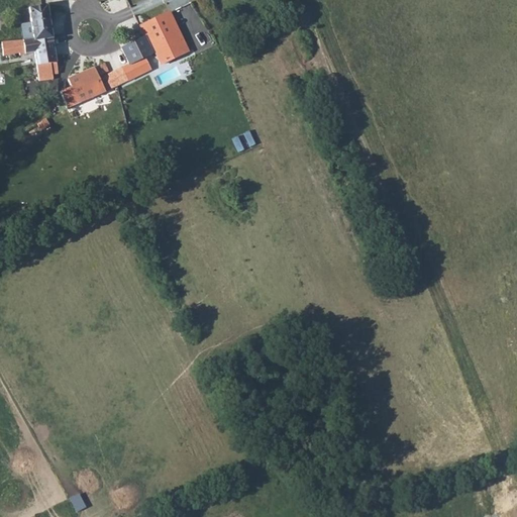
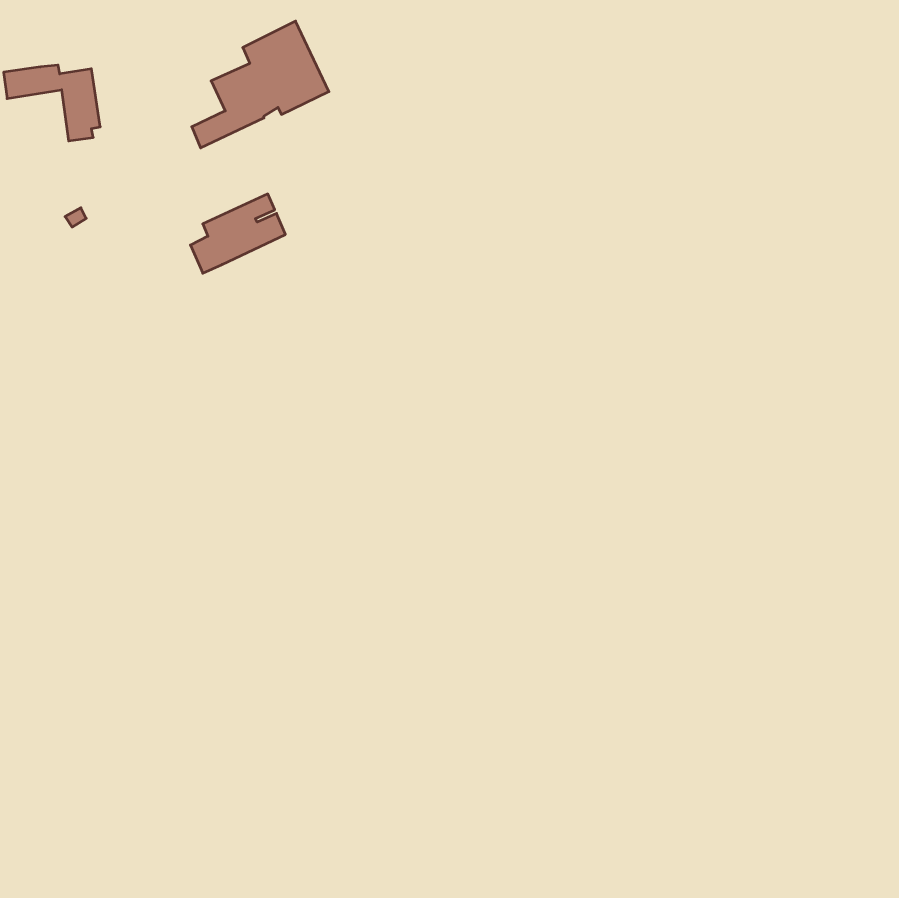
building: [21,5,53,42] -> none
building: [61,62,115,107] -> [190,194,285,273]

